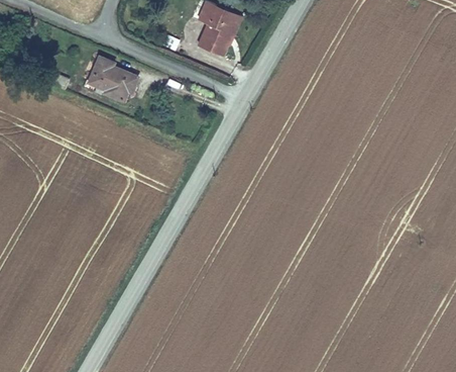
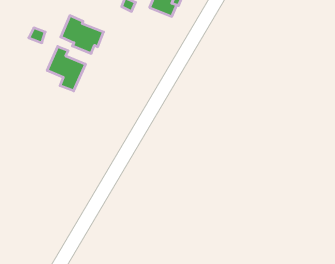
building: none -> [47,46,85,91]

